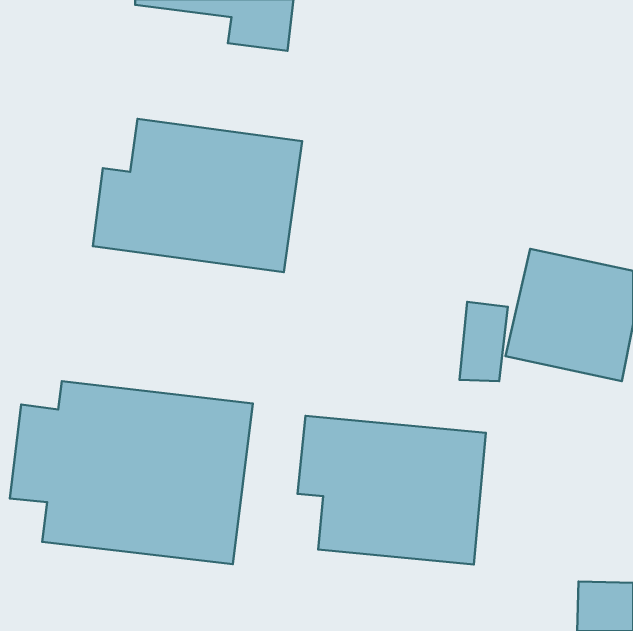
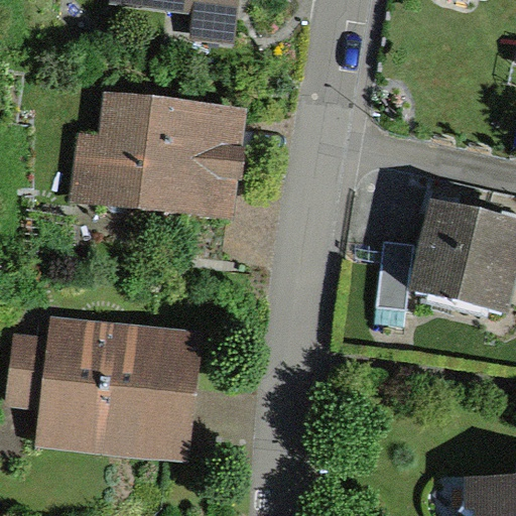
building: [298,416,486,564] -> none

